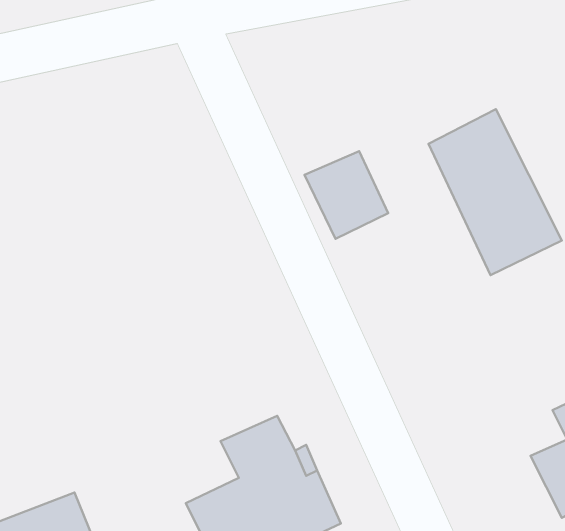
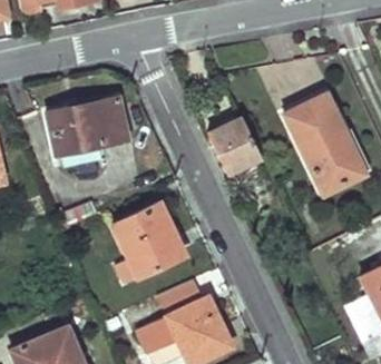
building: none -> [48,98,127,154]
building: none -> [113,204,180,277]

